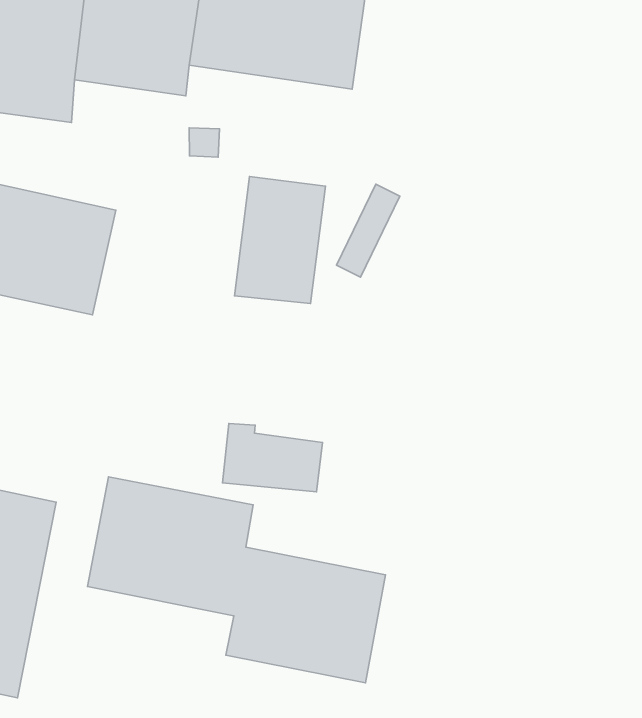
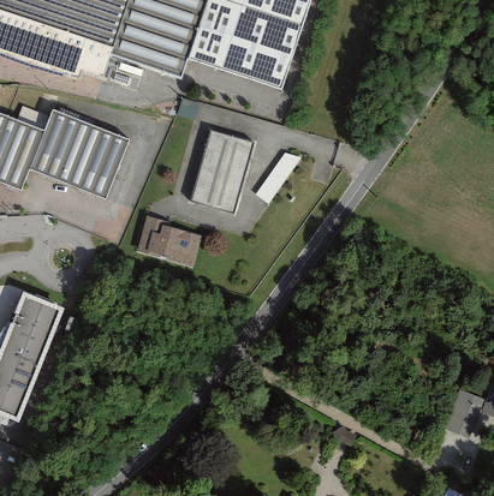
building: [222,423,323,492] -> [133,213,197,262]
building: [87,477,385,683] -> none

